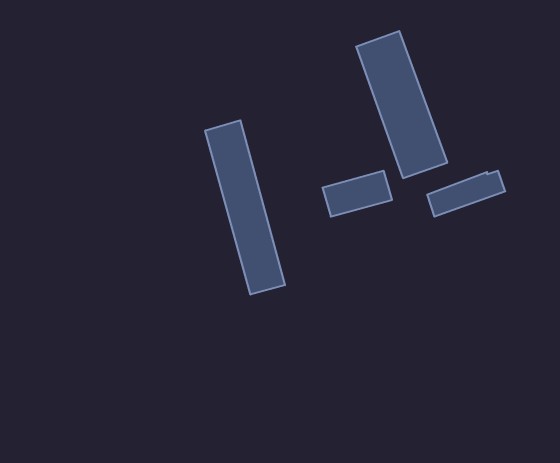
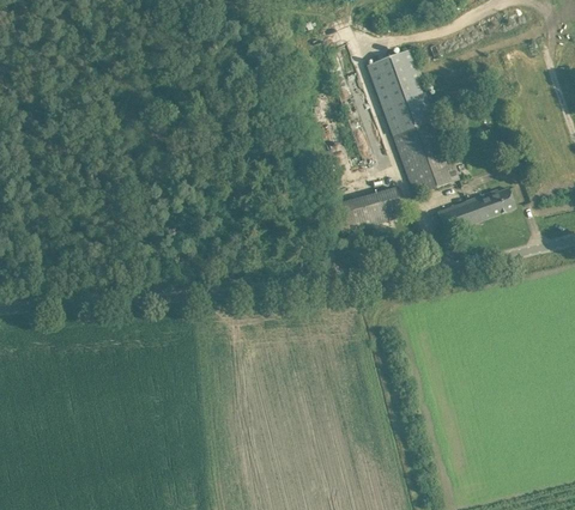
building: [205,120,285,295] -> none

